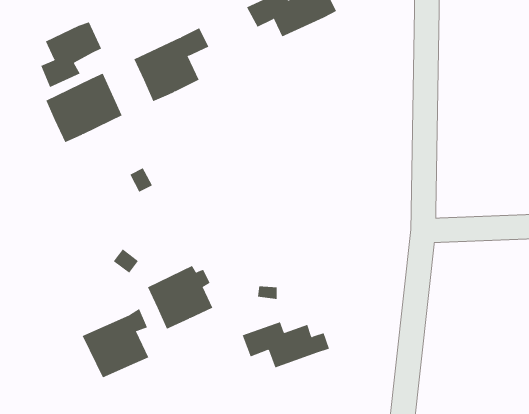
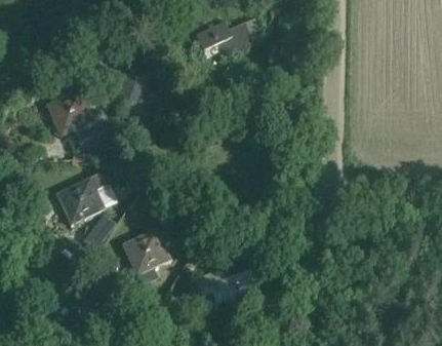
building: [40,21,102,88] -> none
building: [82,308,149,378] -> [55,172,106,225]

